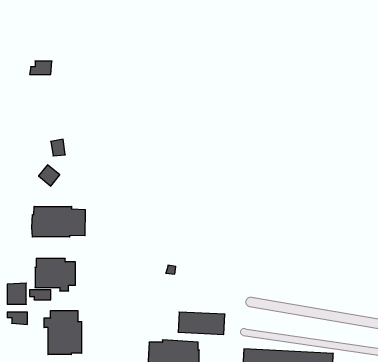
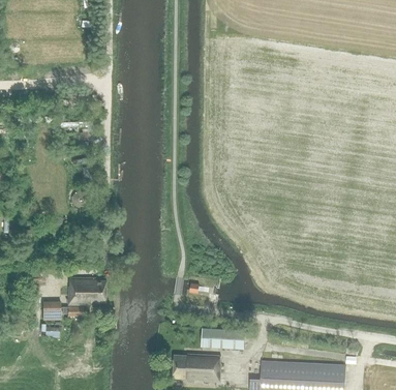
building: [32,206,85,237] -> none
building: [44,311,82,355] -> none

